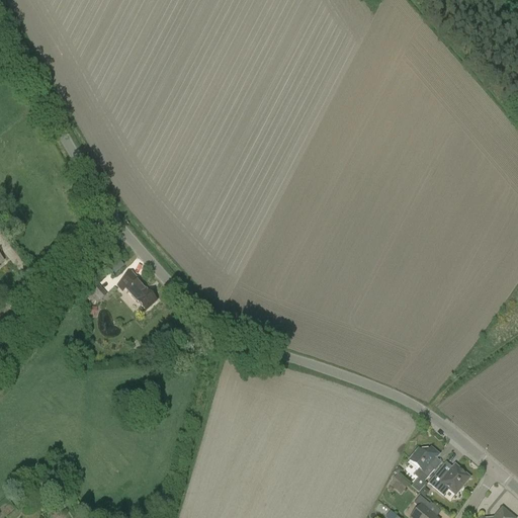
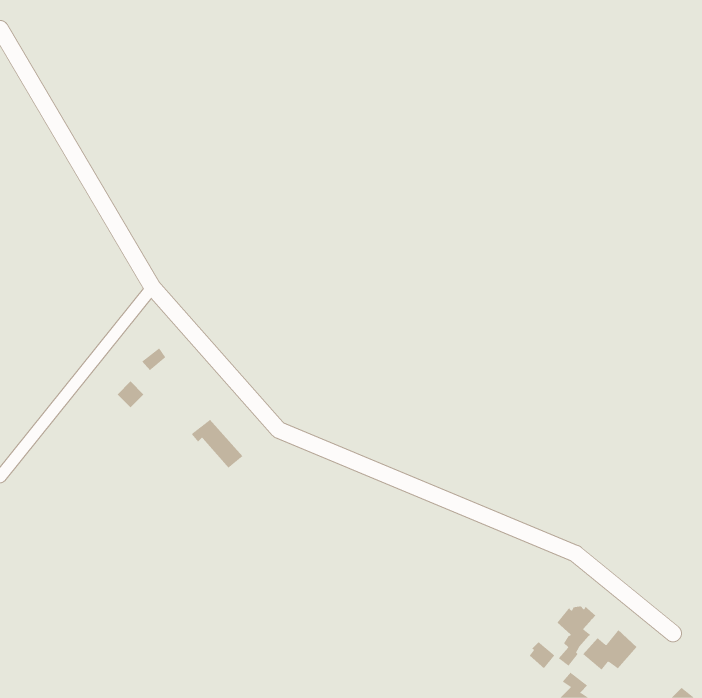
building: [117,272,156,309] -> [191,419,243,469]

